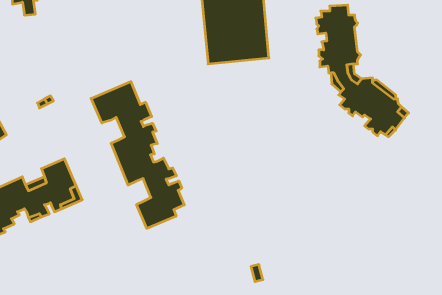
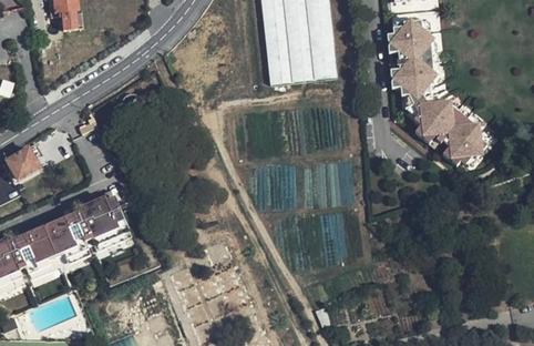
building: [91,82,184,228] -> none

